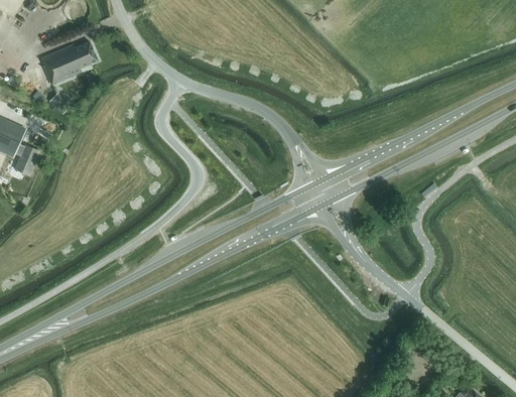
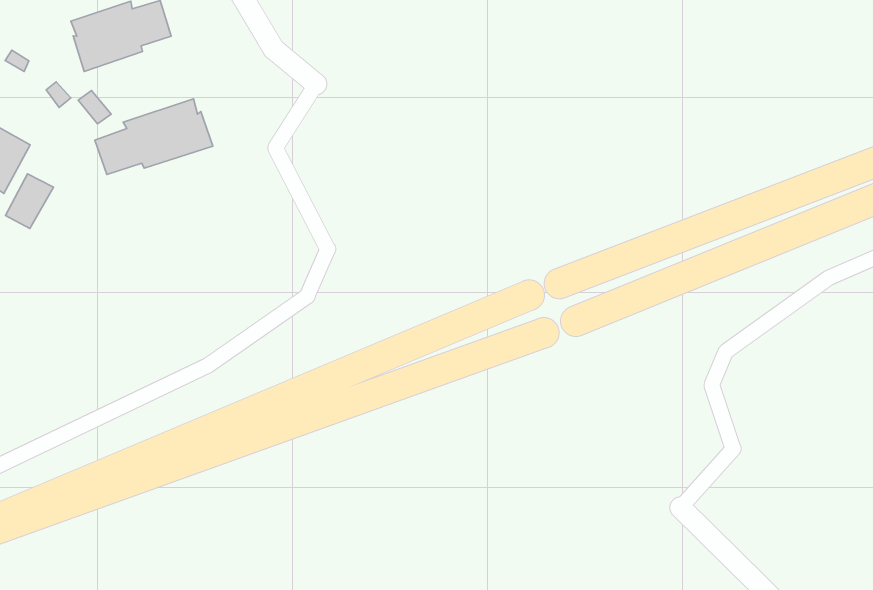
building: none -> [95,99,213,175]

